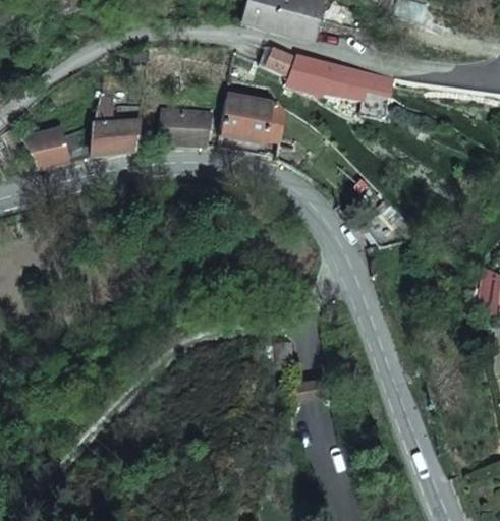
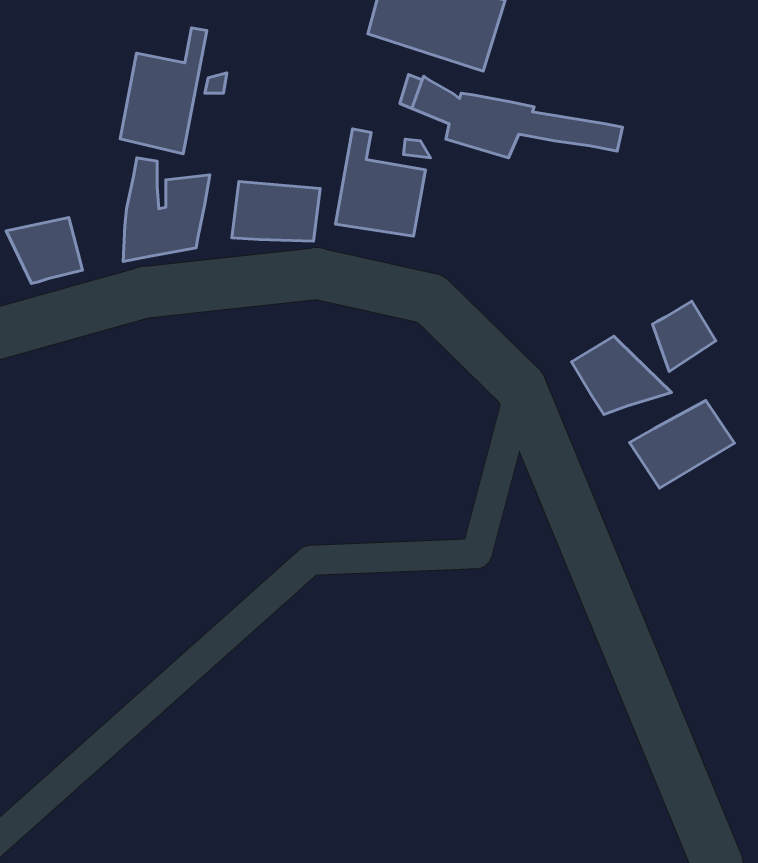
building: none -> [120,28,207,154]
building: none -> [652,301,716,371]
building: none -> [629,401,734,488]

